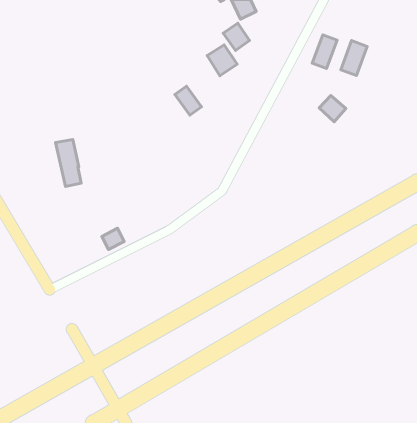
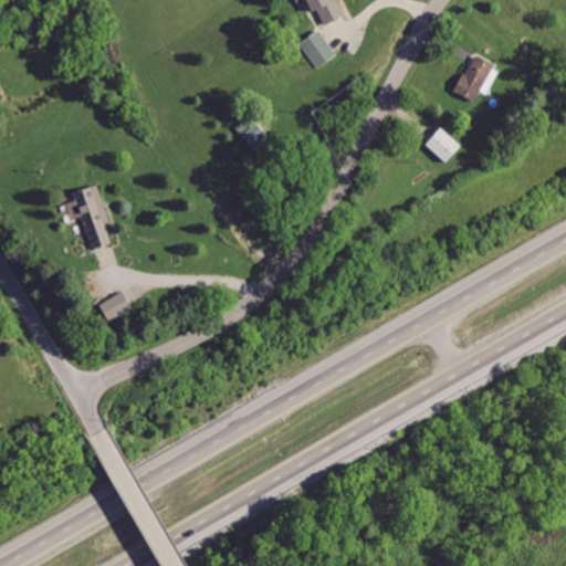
building: [312,35,337,68] -> none
building: [207,45,237,76] -> none
building: [102,228,124,250] -> [99,291,129,319]

